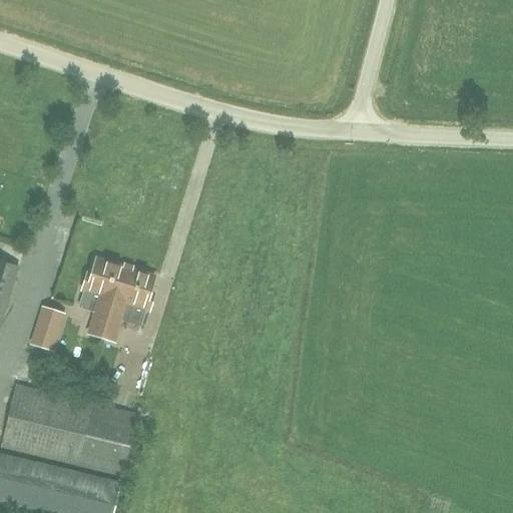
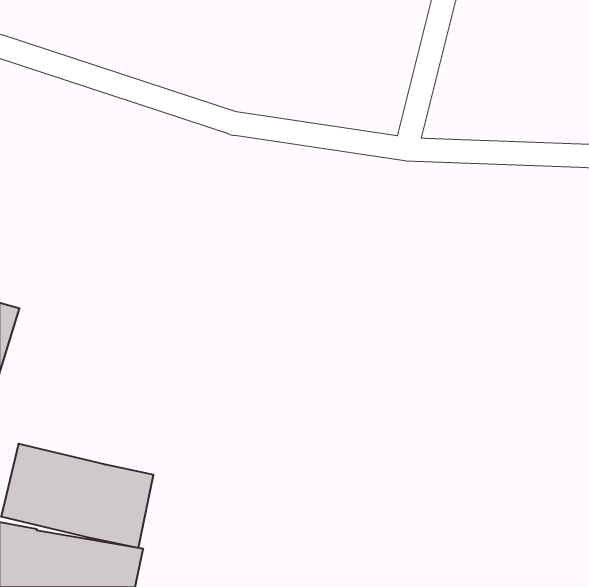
building: [82,258,153,340] -> none
building: [31,308,60,349] -> none

